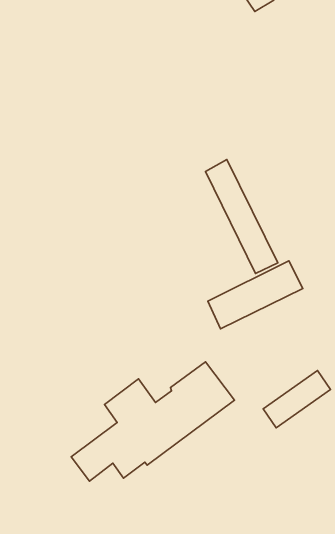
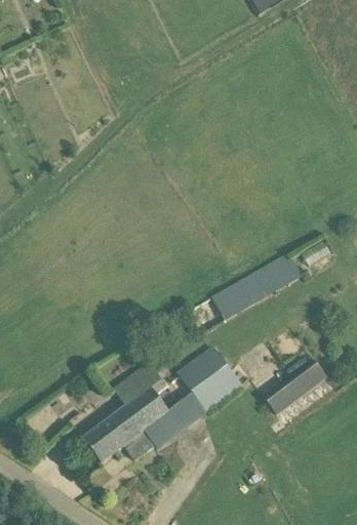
building: [205,160,278,274] -> none

